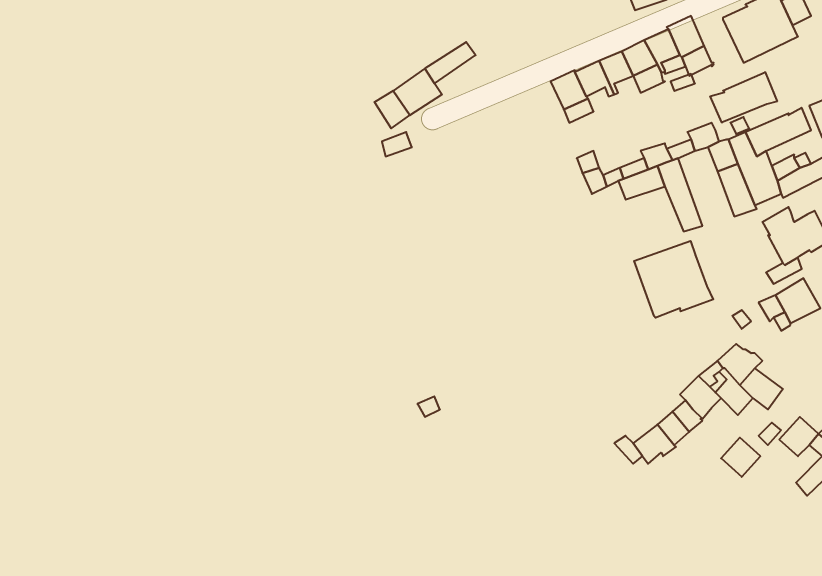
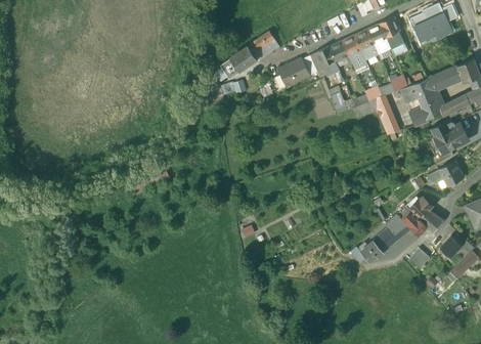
building: [710,72,777,123] -> none
building: none -> [278,58,310,87]
building: [634,241,713,318] -> none

